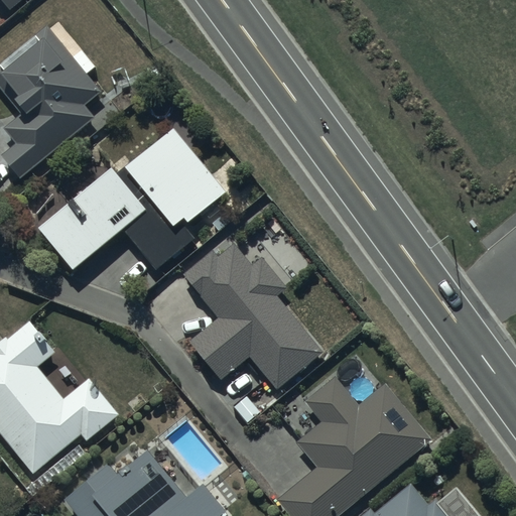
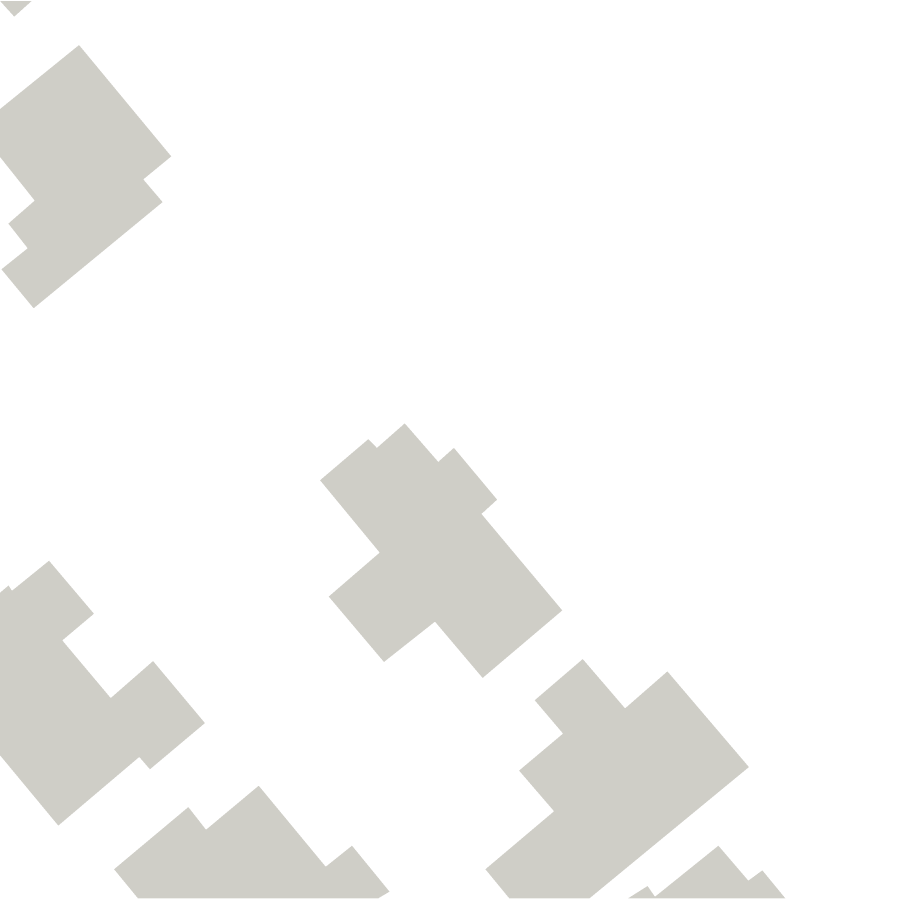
building: [36,128,226,270] -> none

